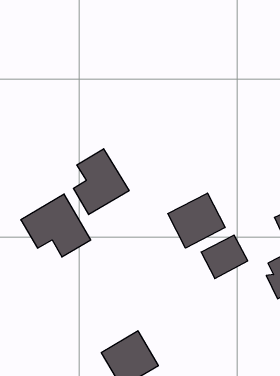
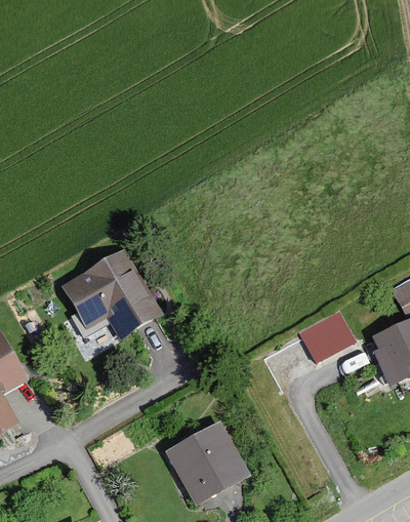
building: [73,149,129,215] -> none
building: [168,193,225,248] -> none

